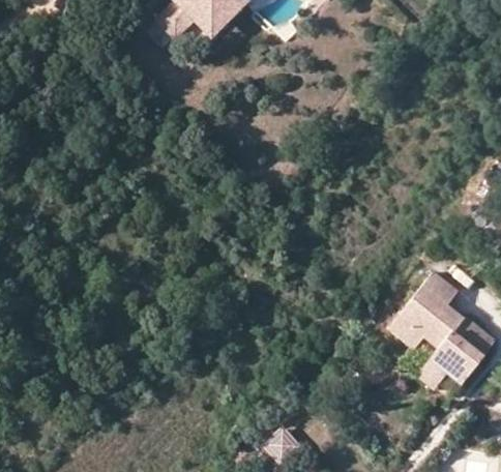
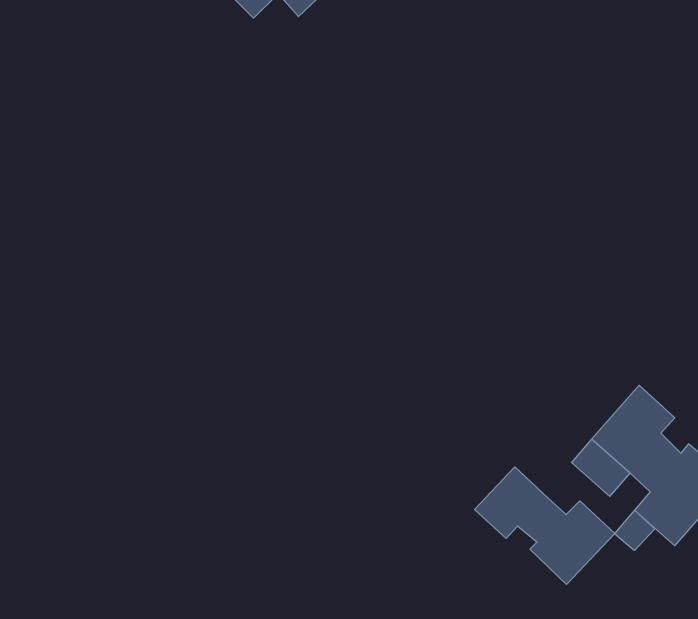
building: none -> [475,467,615,584]

